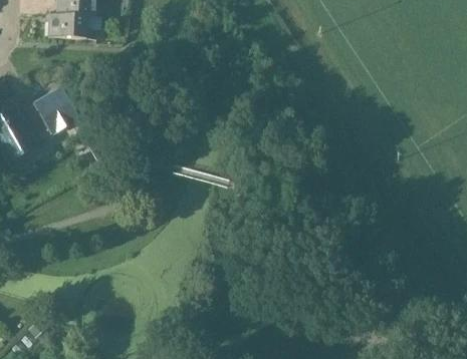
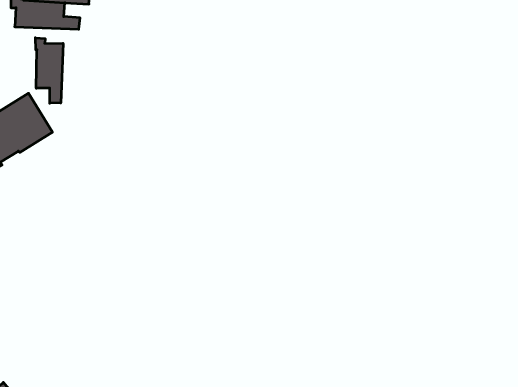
building: none -> [35,38,63,103]

